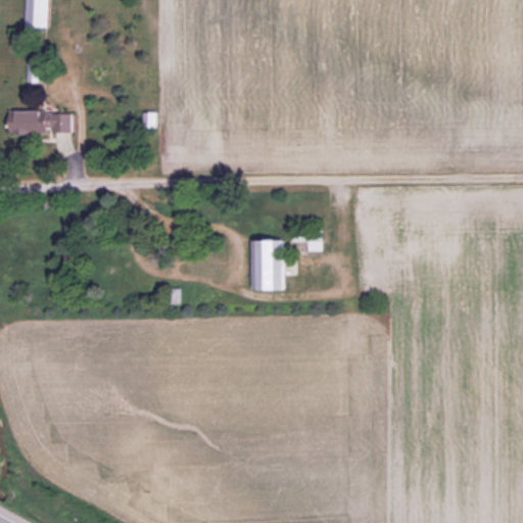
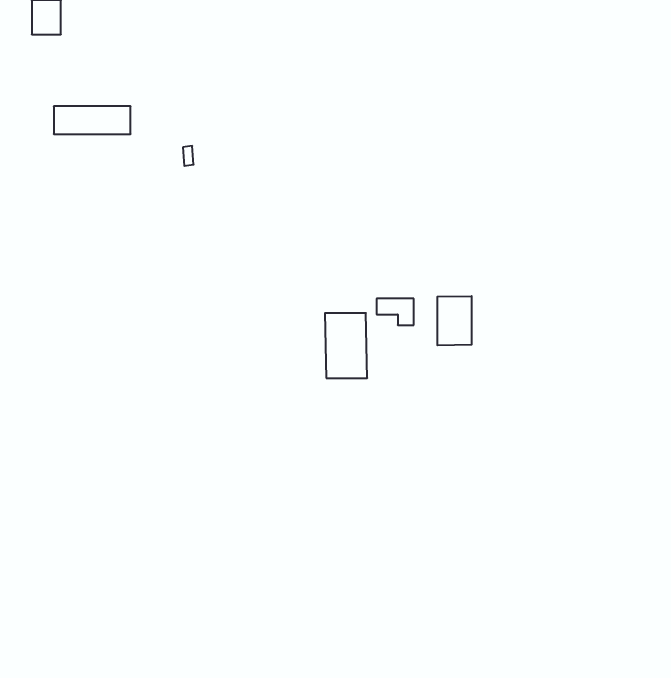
building: [12,111,72,133] -> [54,106,131,134]
building: none -> [437,296,472,345]

